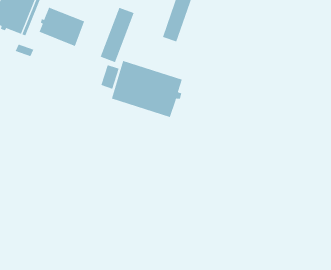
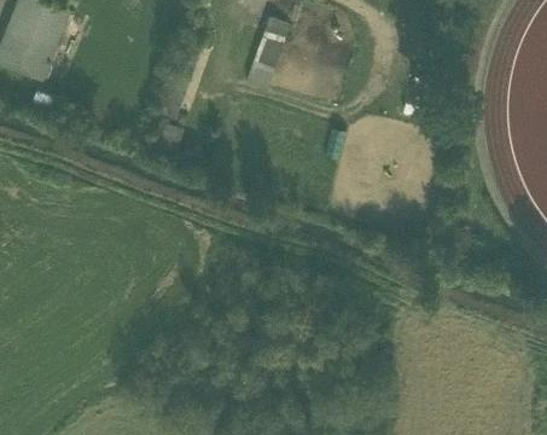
building: [39,7,85,47] -> none
building: [111,60,182,118] -> none

